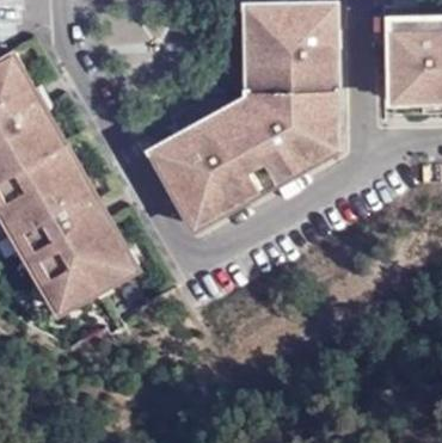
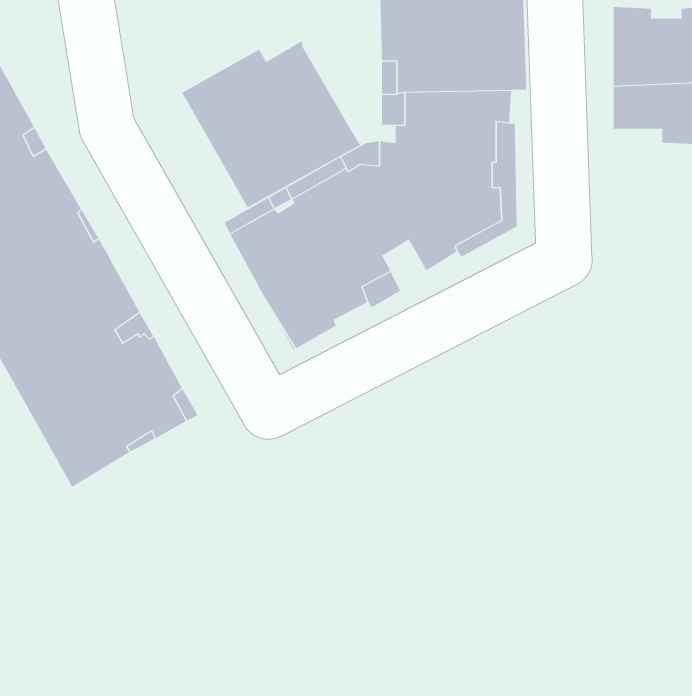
building: none -> [182,40,361,208]

